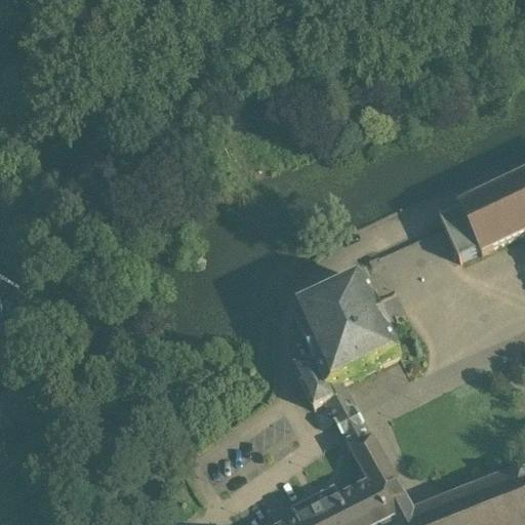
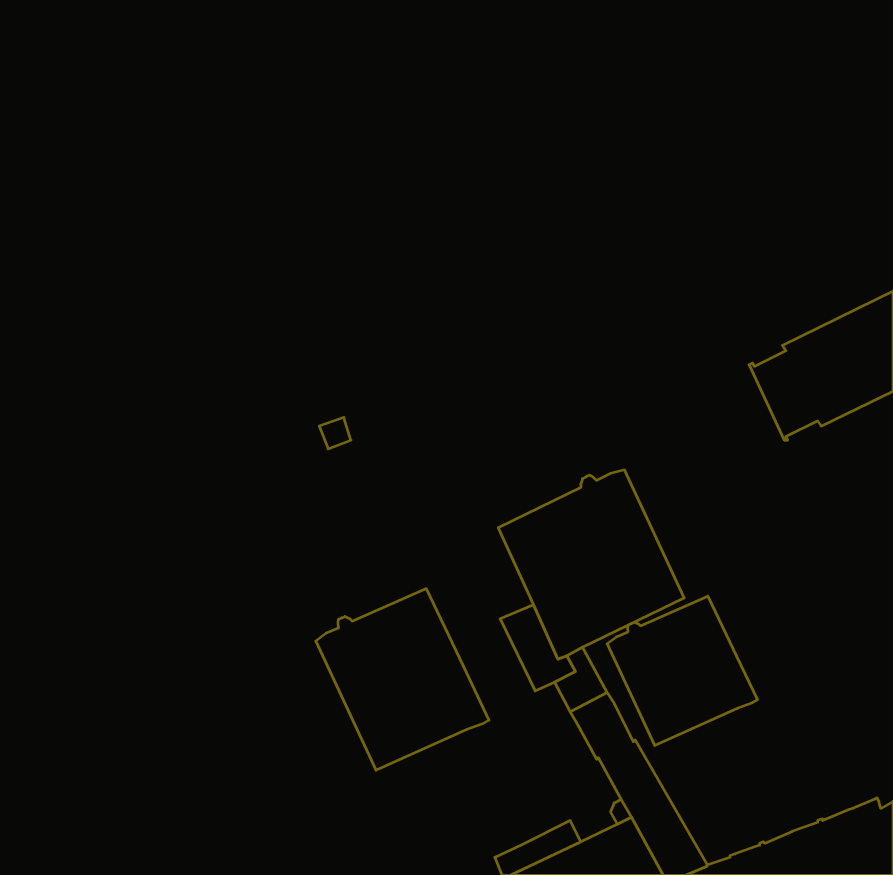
building: none -> [316,589,489,770]
building: none -> [607,596,757,746]

